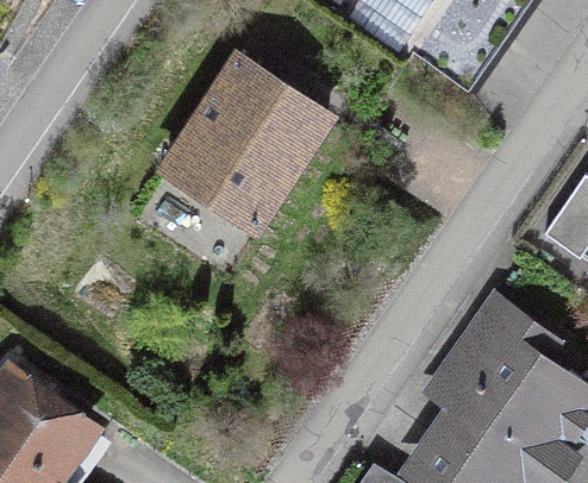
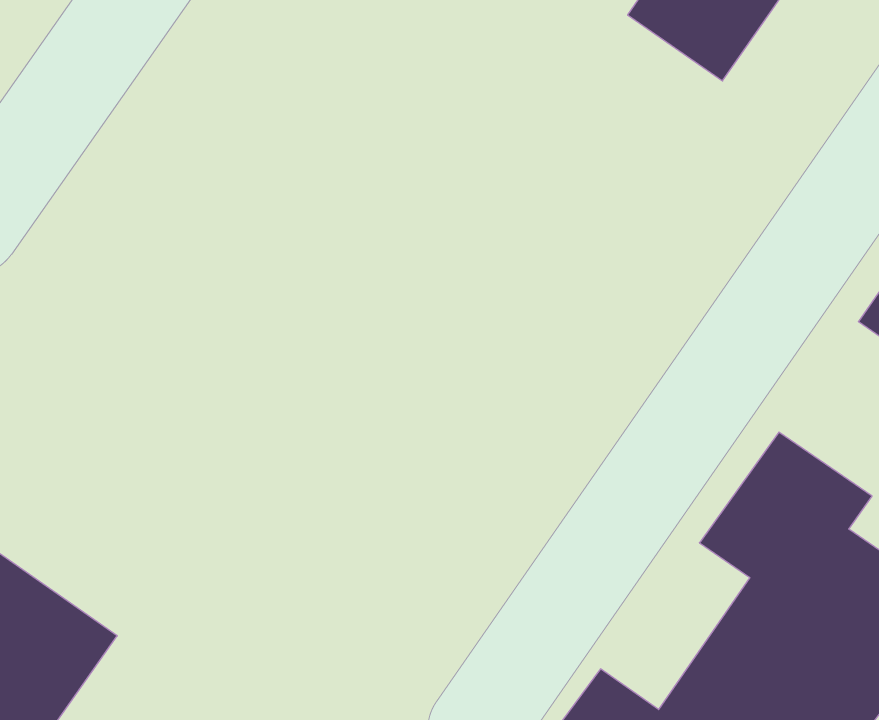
building: [165,56,327,225] -> none

